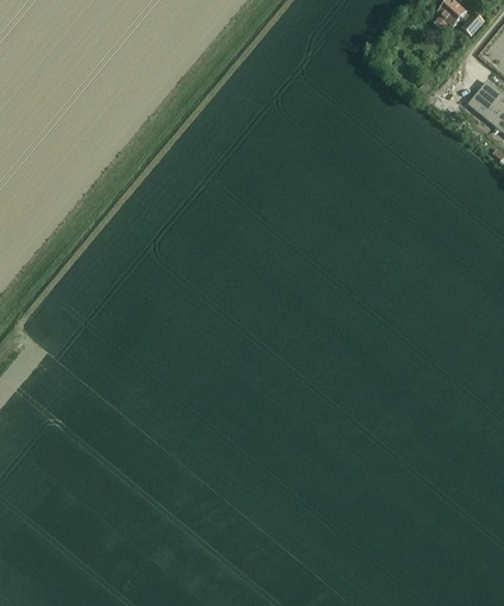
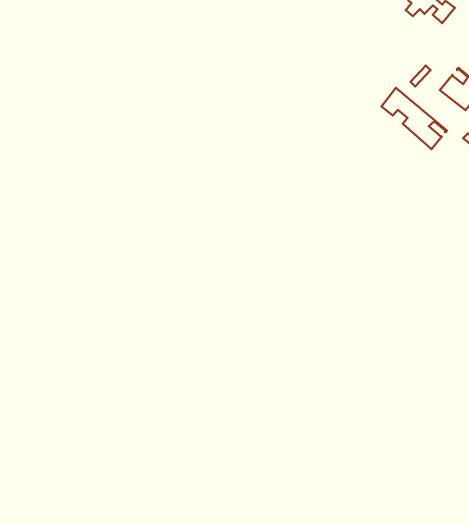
building: none -> [382,88,447,149]

